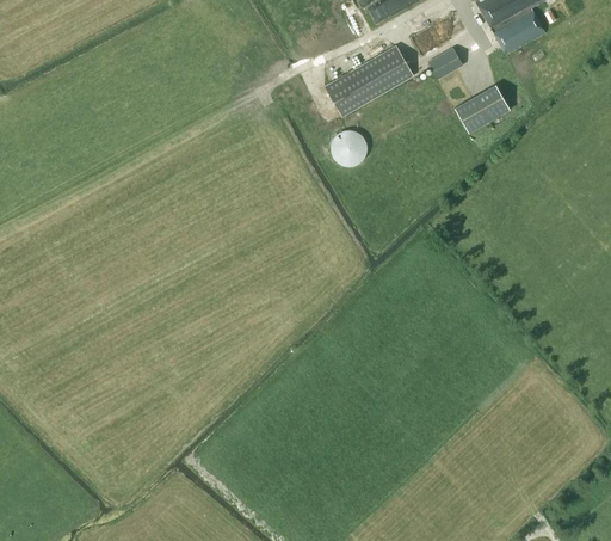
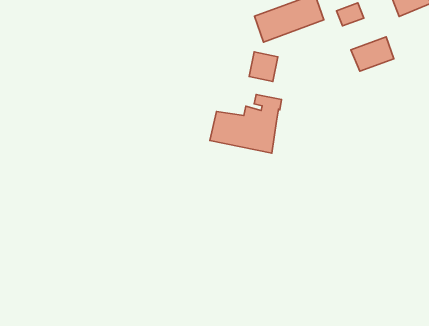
building: none -> [210,94,282,153]

